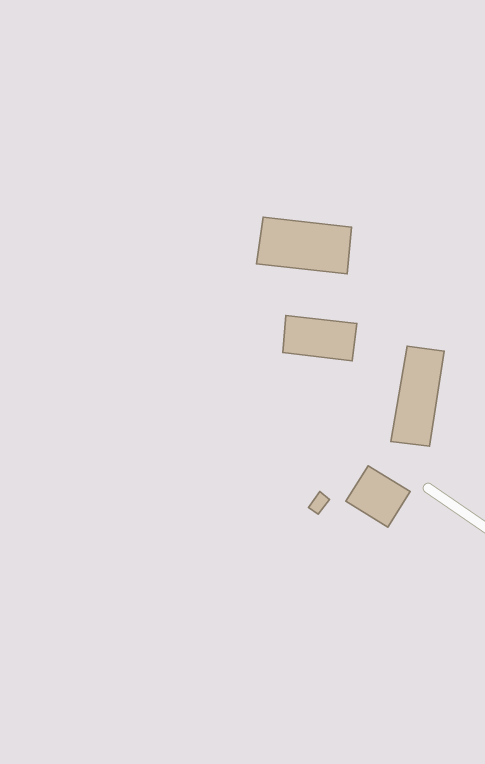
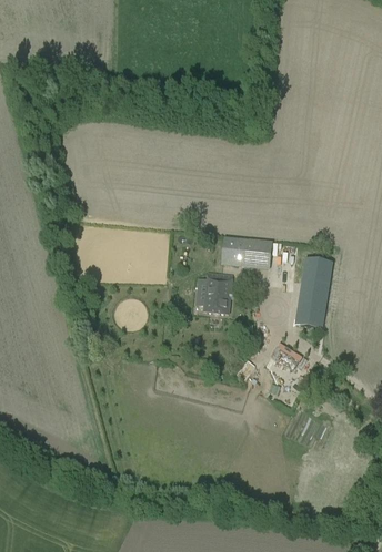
building: [257,217,352,274] -> none
building: none -> [202,272,231,314]

